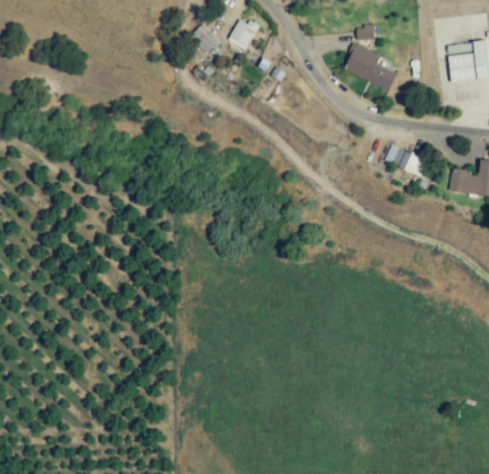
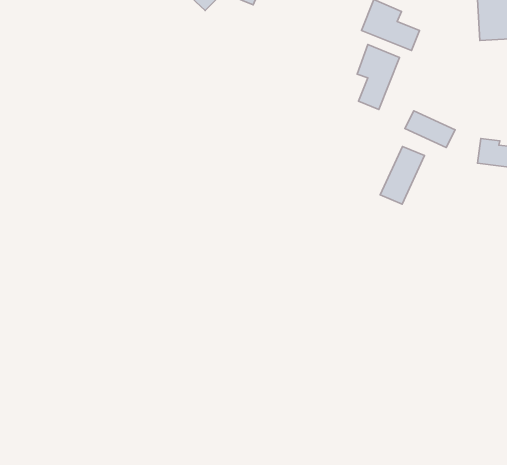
building: none -> [357,44,400,109]
building: none -> [380,146,424,204]

